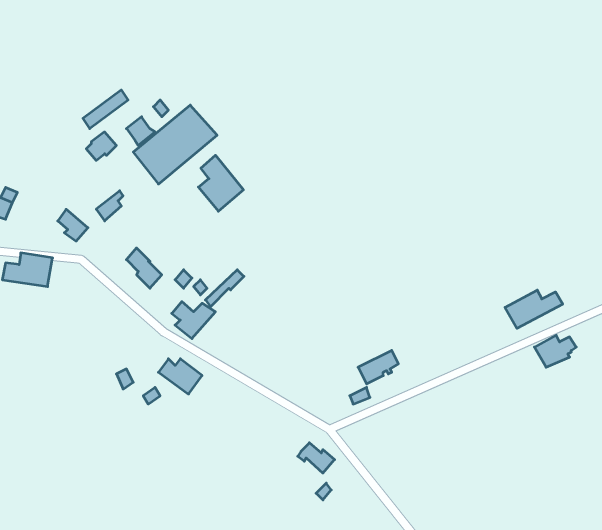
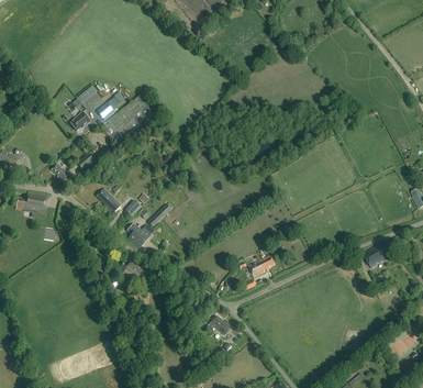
building: [198,155,243,211] -> none
building: [505,290,563,328] -> none

